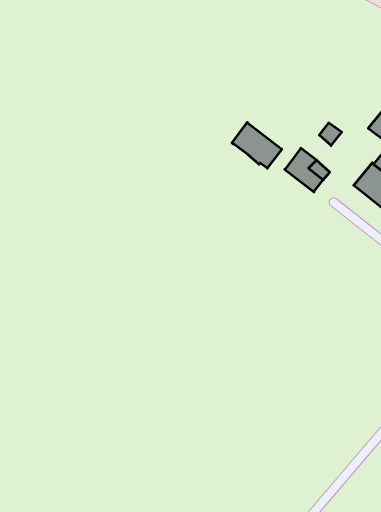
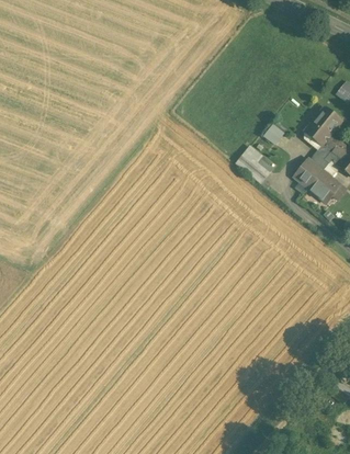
building: [232,122,282,168] -> none

